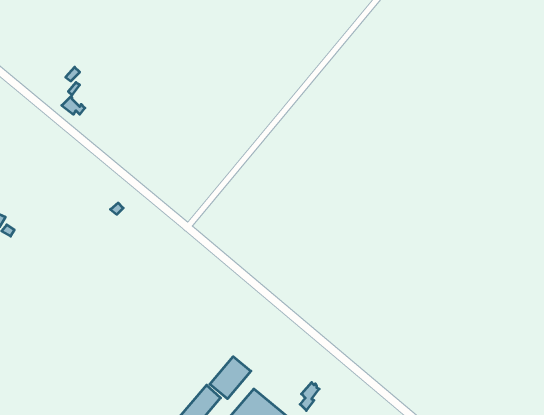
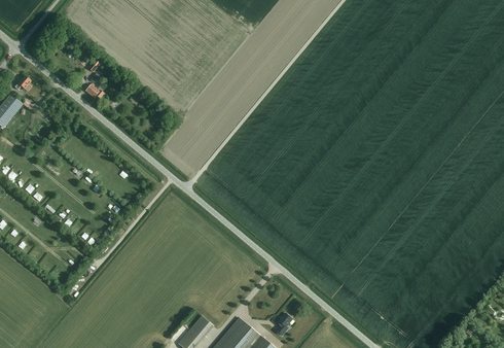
building: [210,357,251,399] -> none

